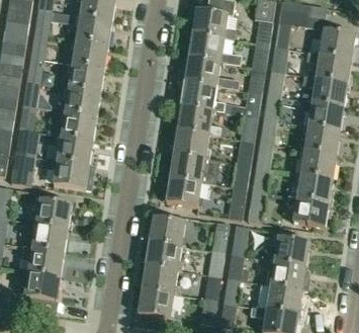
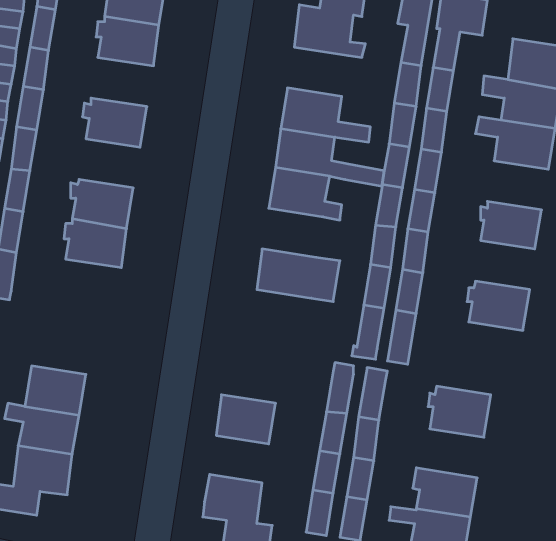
building: [189,32,241,65] -> none
building: [72,38,109,68] -> none
building: [64,87,101,116] -> none
building: [307,100,345,130] -> none
building: [174,129,210,158] -> none
building: [300,148,337,177] -> none
building: [52,158,93,189] -> none
building: [167,177,203,206] -> none
building: [288,196,330,226] -> none
building: [34,197,72,228] -> none
building: [150,215,185,245] -> none
building: [266,260,309,289] -> none
building: [143,264,178,293] -> none

